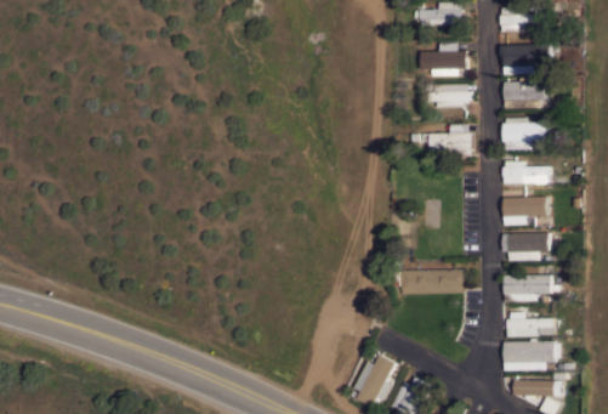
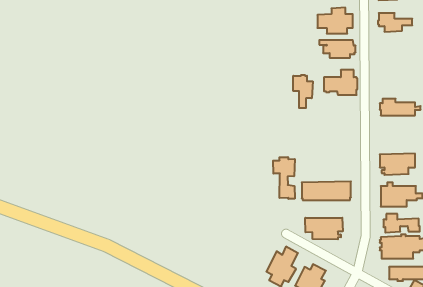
building: [504,76,545,107] -> none
building: [501,117,546,148] -> none
building: none -> [293,75,313,108]
building: [502,199,550,225] -> none
building: none -> [273,157,295,199]
building: none -> [305,218,343,239]

